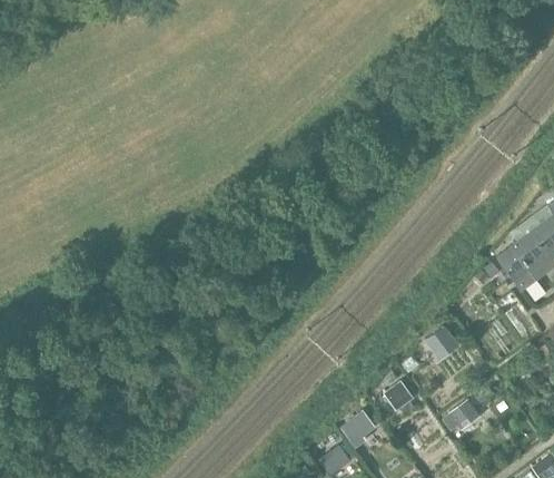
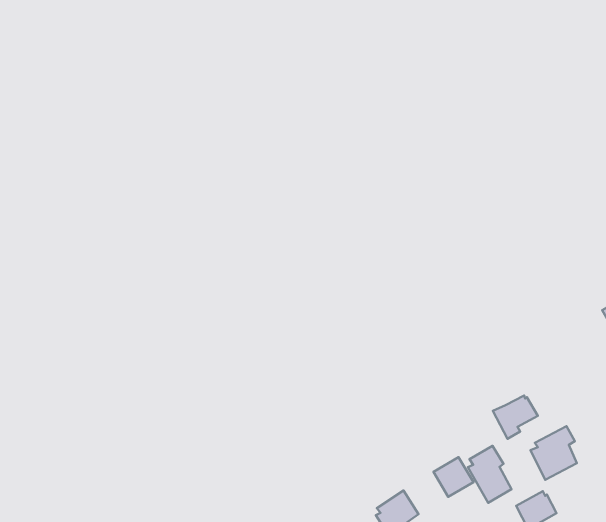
building: none -> [530,426,577,480]
building: none -> [468,446,511,503]

